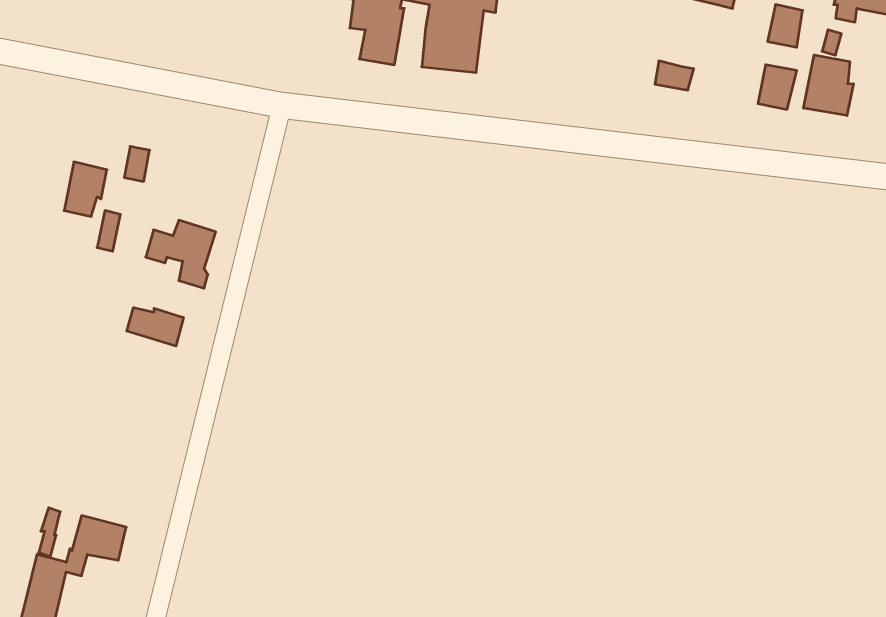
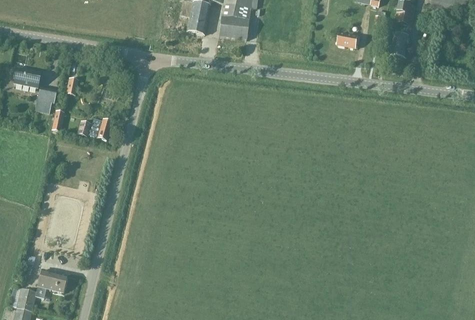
building: [804,55,853,116] -> none
building: none -> [14,66,41,87]
building: [127,308,183,346] -> none

